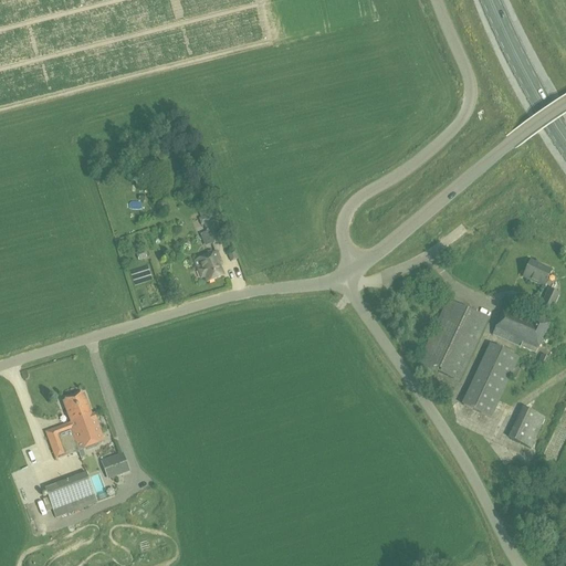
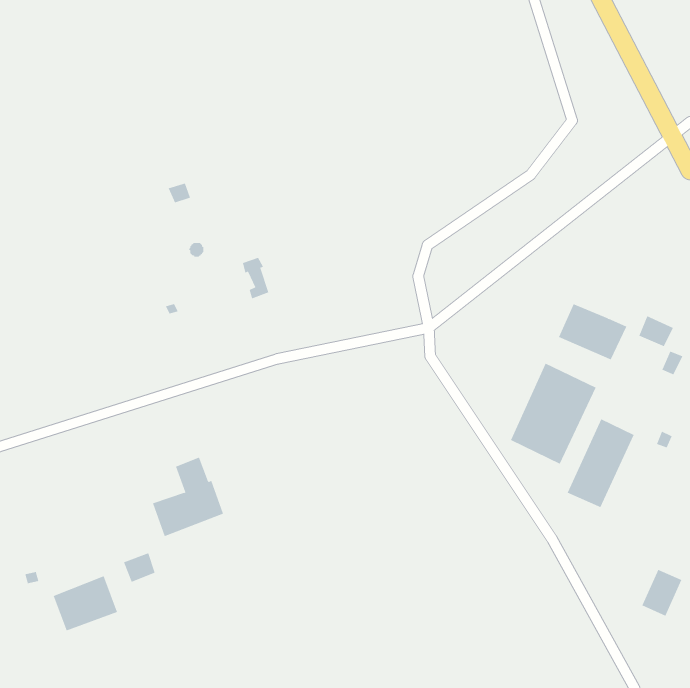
building: [193,249,223,279] -> none
building: [492,304,548,350] -> [558,303,627,360]
building: [44,391,103,457] -> [152,457,224,537]
building: [509,406,542,444] -> [642,569,682,616]

